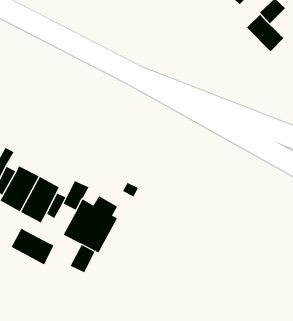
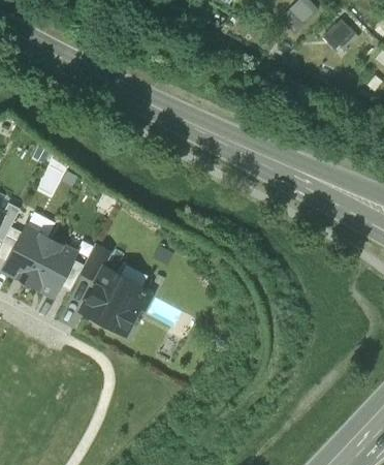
building: [246,14,284,52] -> none
building: [11,228,54,265] -> none
building: [70,244,95,273] -> none

